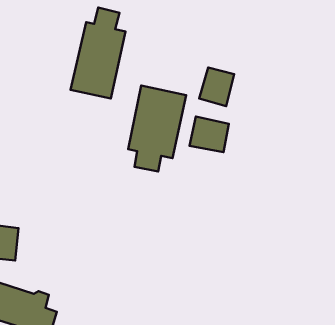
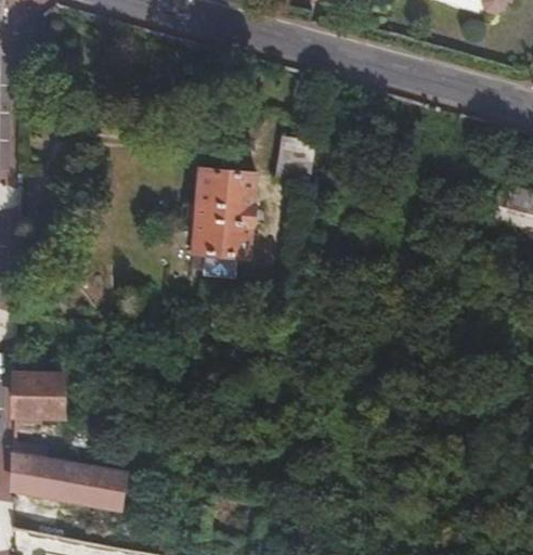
building: [71,8,125,99] -> none
building: [189,117,229,152] -> none

